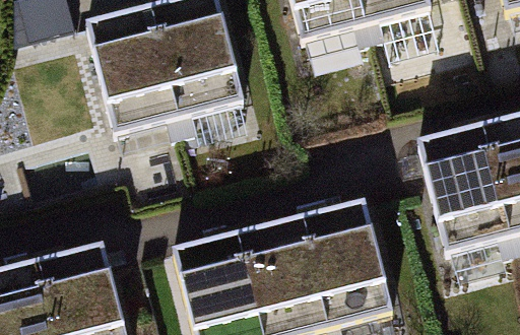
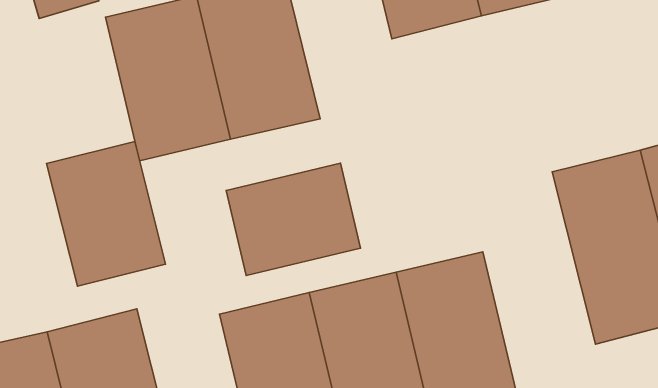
building: none -> [47,141,166,286]
building: none -> [226,163,360,276]

